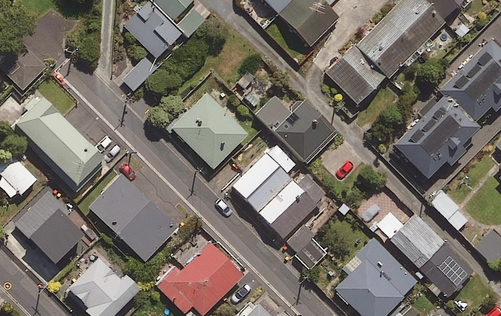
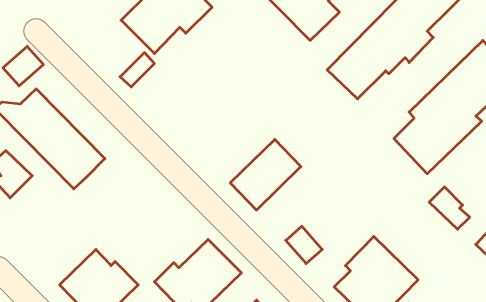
building: [171,91,249,168] -> none
building: [257,97,338,164] -> none
building: [258,170,326,238] -> none
building: [88,173,177,261] -> none
building: [16,193,85,262] -> none
building: [378,212,472,297] -> none

